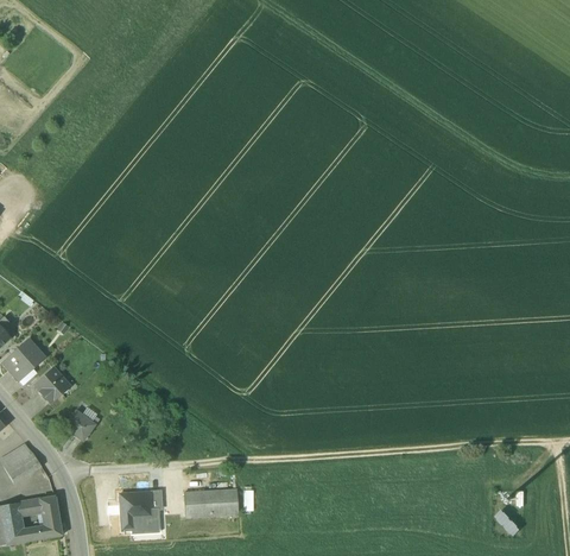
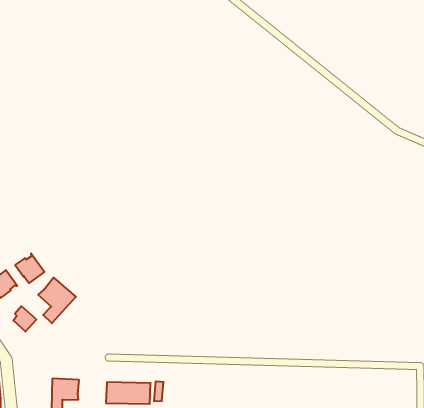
building: none -> [15,253,44,283]
building: none -> [38,278,76,323]

